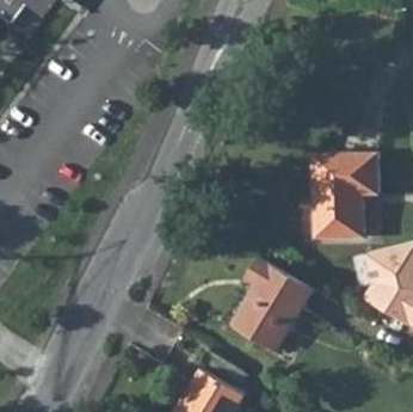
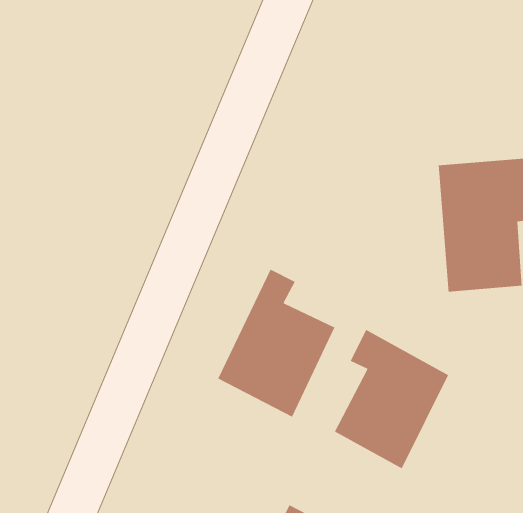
building: none -> [217,268,335,418]

